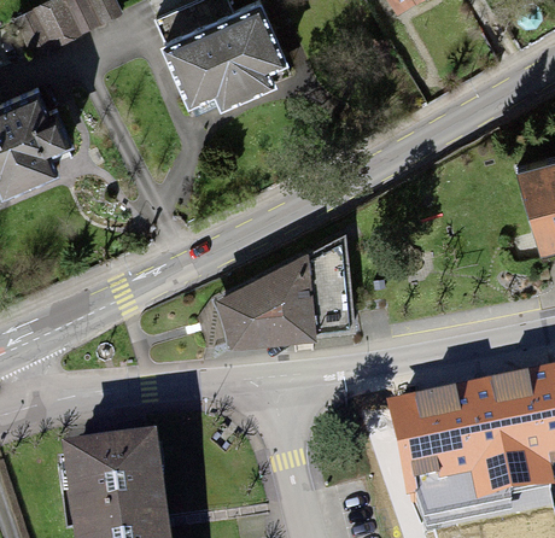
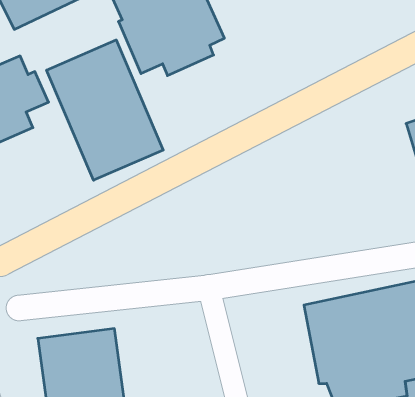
building: none -> [47,40,163,180]
building: [214,233,356,351] -> none

